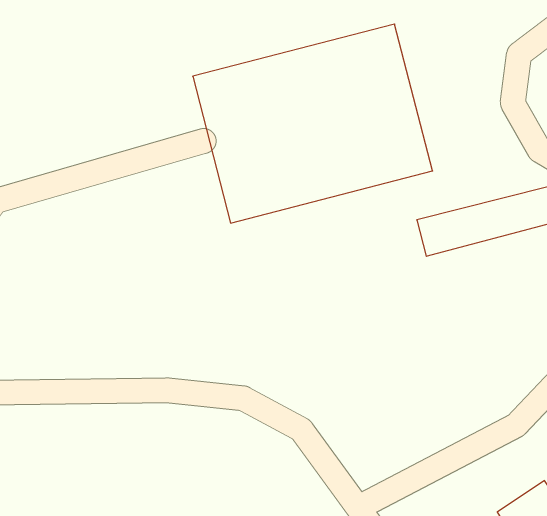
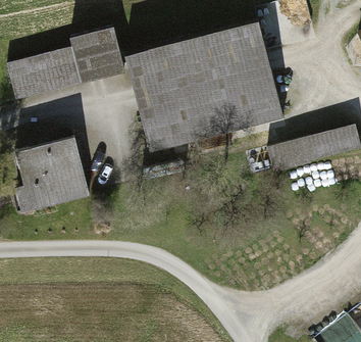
building: none -> [8,28,122,98]
building: none -> [14,138,90,212]

